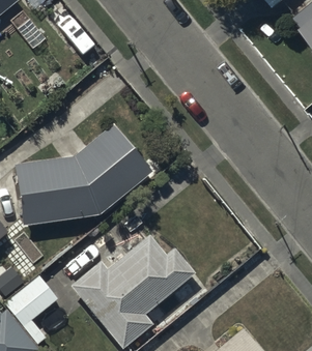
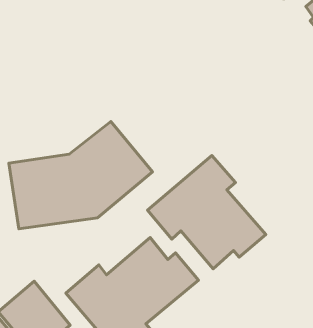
building: none -> [148,155,266,269]

